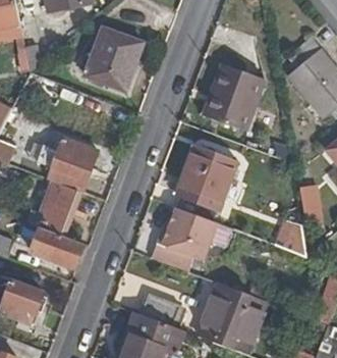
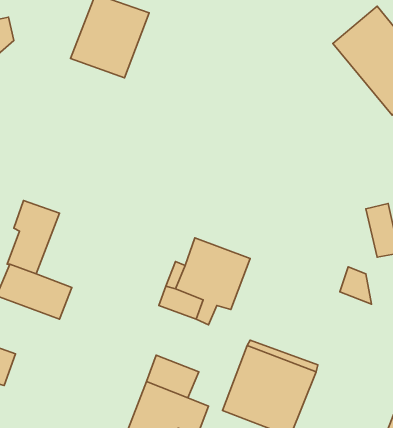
building: [201,64,265,133] -> none
building: [49,136,98,192] -> none
building: [177,148,236,211] -> none

